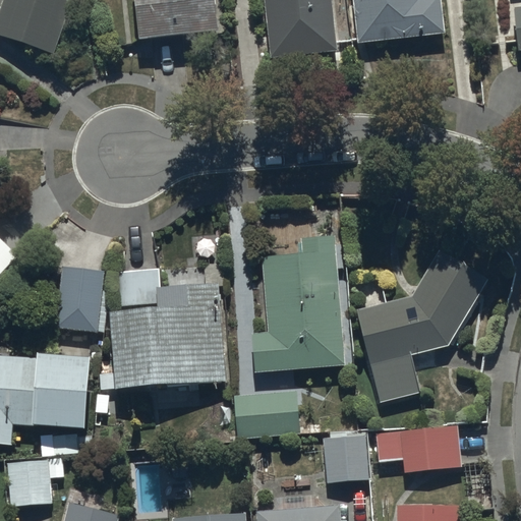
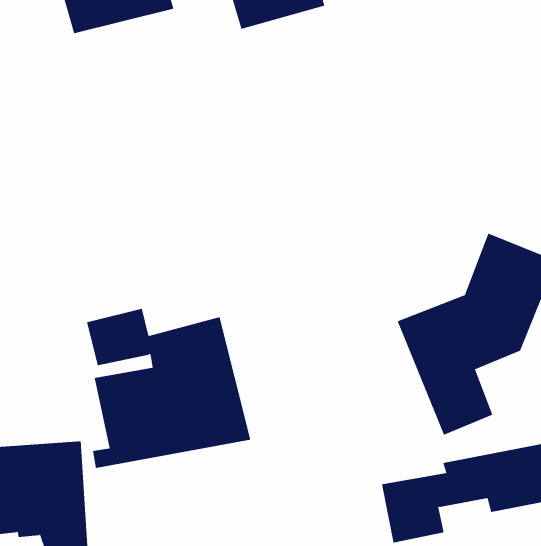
building: [251,233,345,372] -> none
building: [57,267,104,332] -> none
building: [232,390,299,436] -> none

